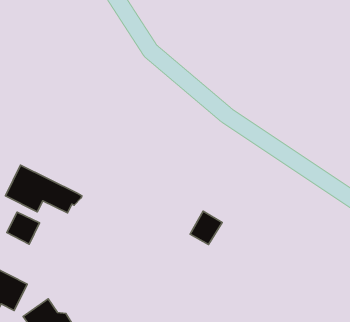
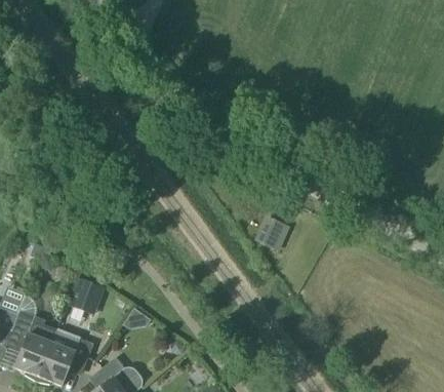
building: [5,165,82,213] -> none
building: [190,211,222,245] -> [258,218,288,249]

